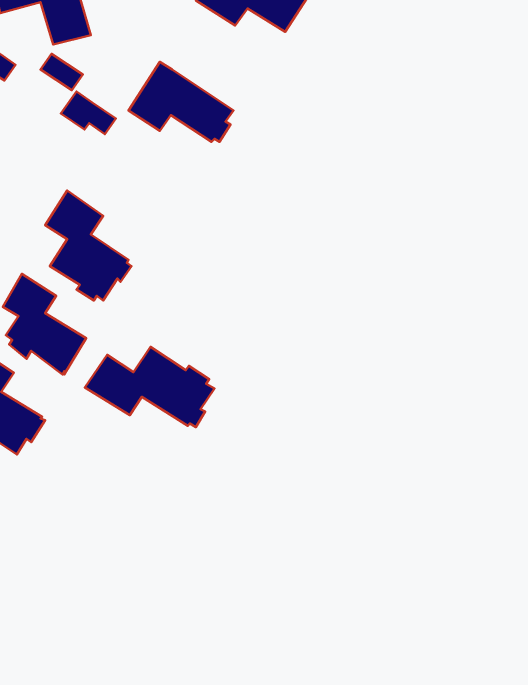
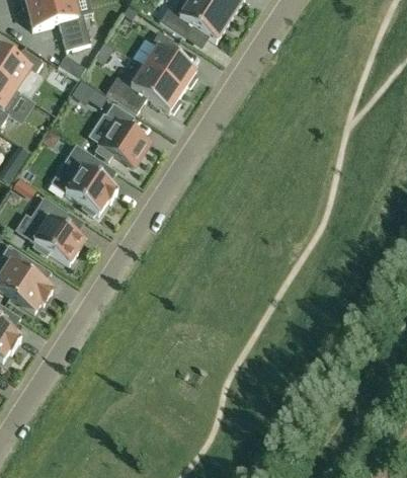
building: none -> [142,30,196,91]
building: none -> [98,103,148,165]
building: [85,347,214,427] -> none

